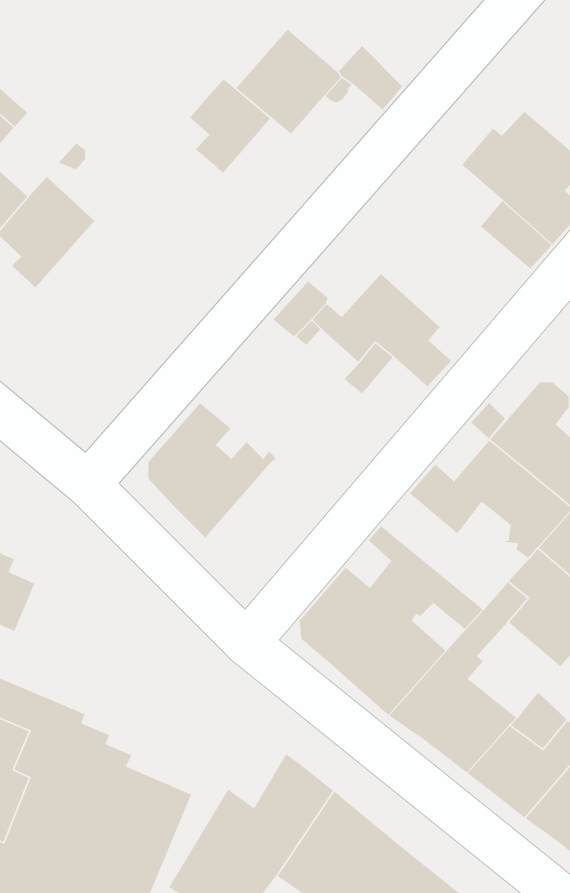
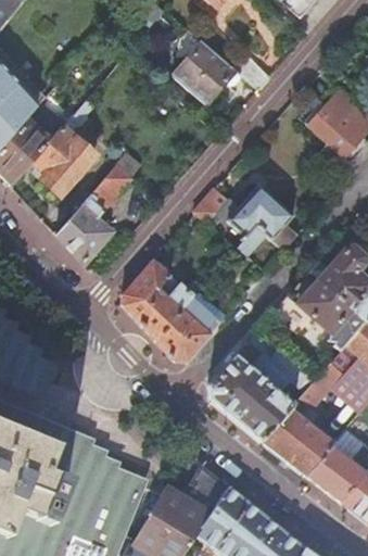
building: [189,78,271,174] -> none
building: none -> [56,165,130,264]
building: none -> [154,295,215,363]

